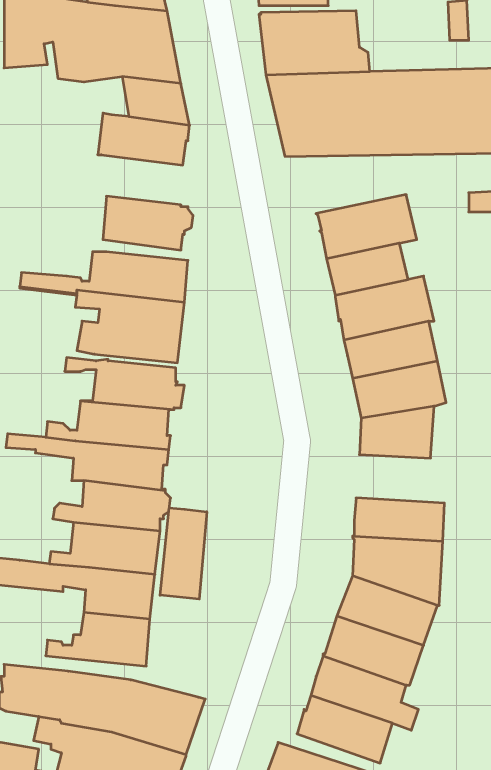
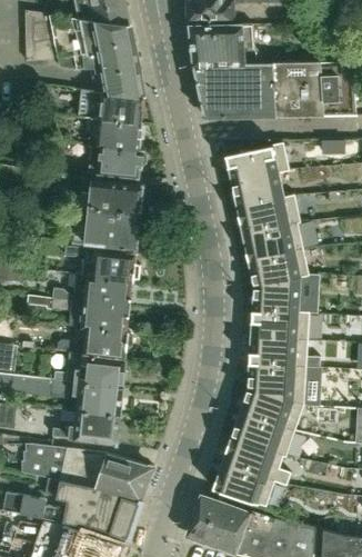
building: none -> [86,117,144,149]
building: none -> [251,309,310,340]
building: [160,508,207,599] -> none

